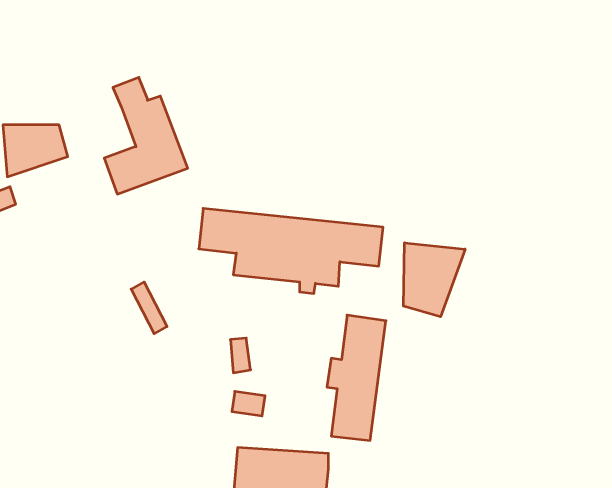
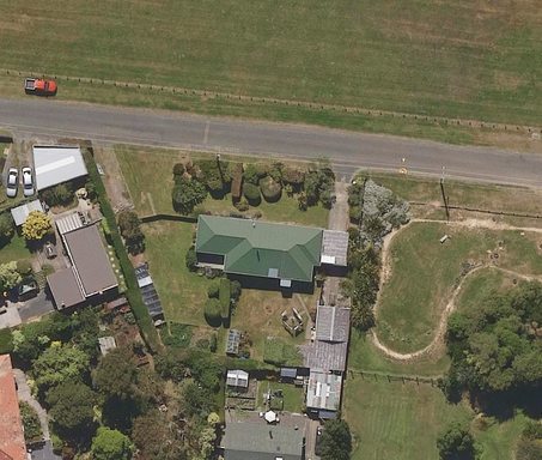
building: [104,77,188,194] -> [48,210,117,307]
building: [403,243,465,317] -> none

